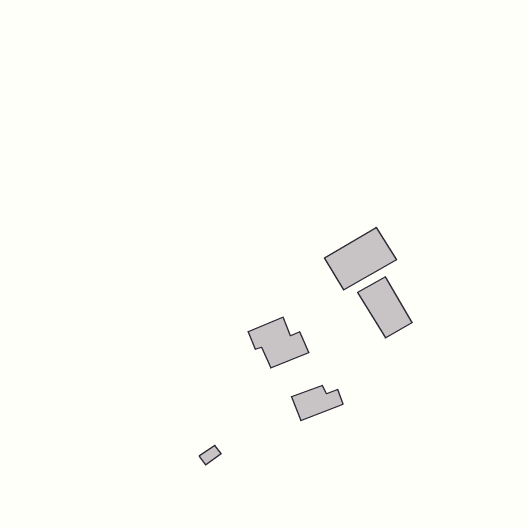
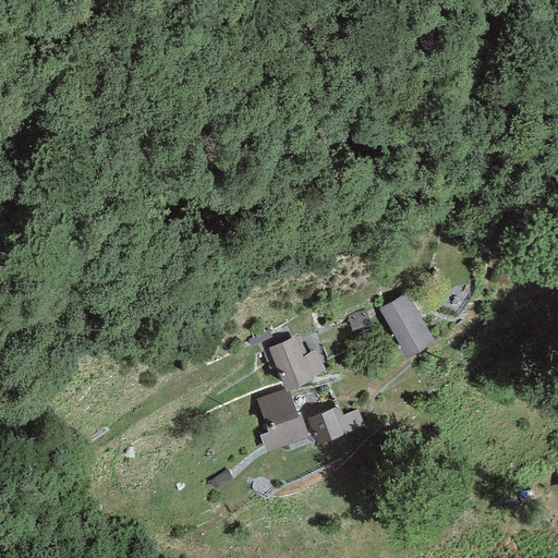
building: [324,227,396,290] -> none
building: none -> [258,388,310,454]

